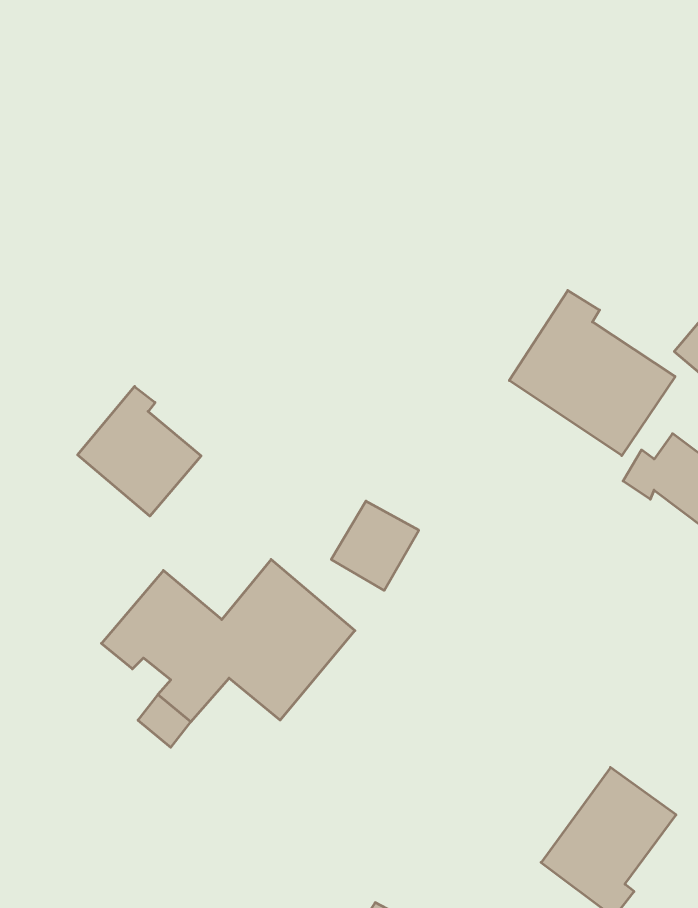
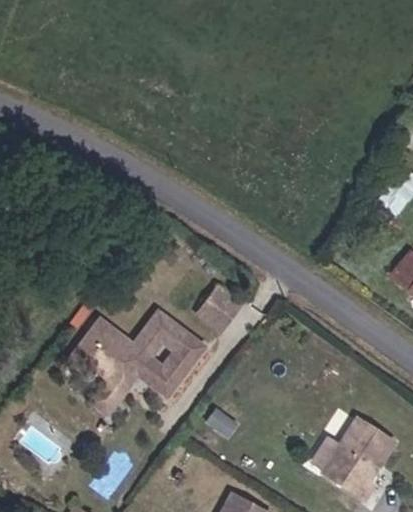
building: [509,290,675,456] -> none
building: [78,386,201,516] -> none

